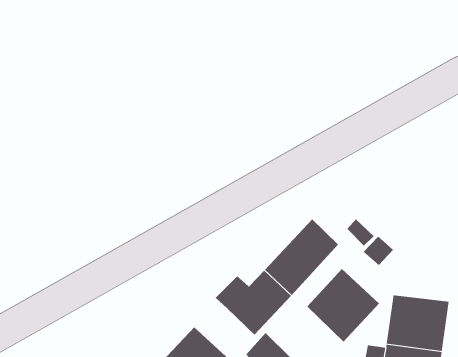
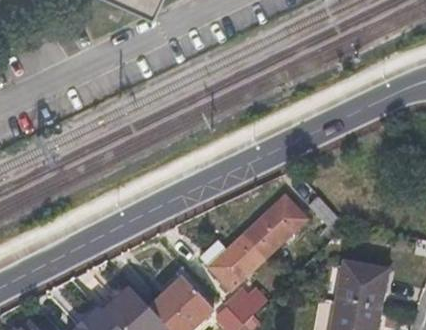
building: [307,268,380,343] -> none

